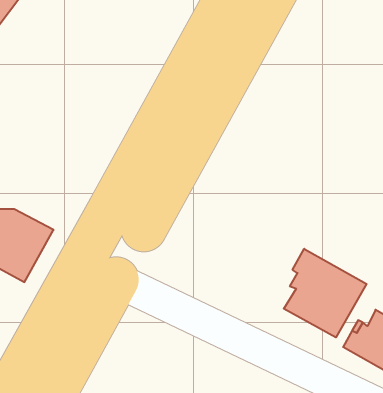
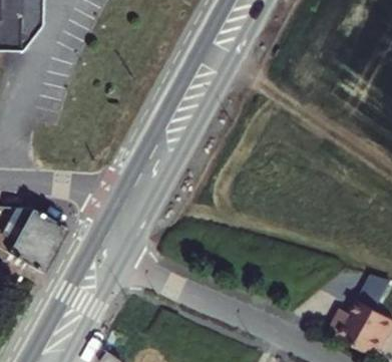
building: [284,249,367,337] -> none

